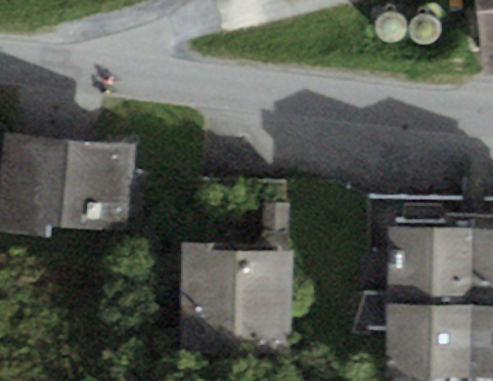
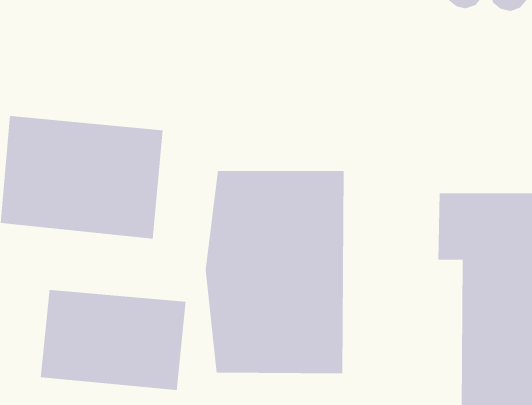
building: none -> [40,289,186,391]

